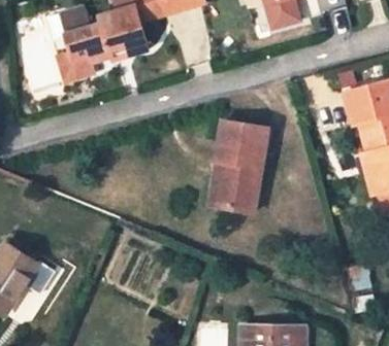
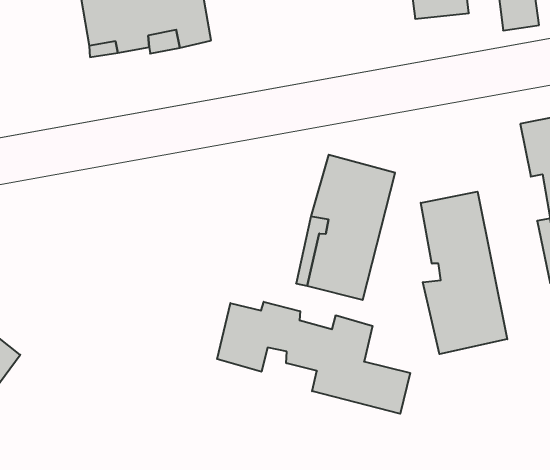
building: none -> [421,192,507,354]
building: none -> [217,302,410,414]

